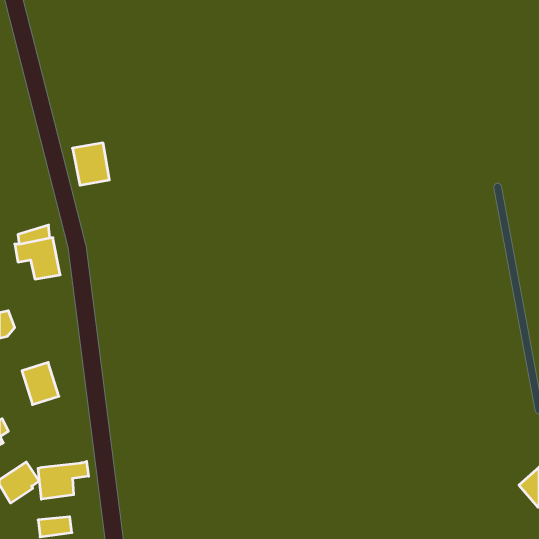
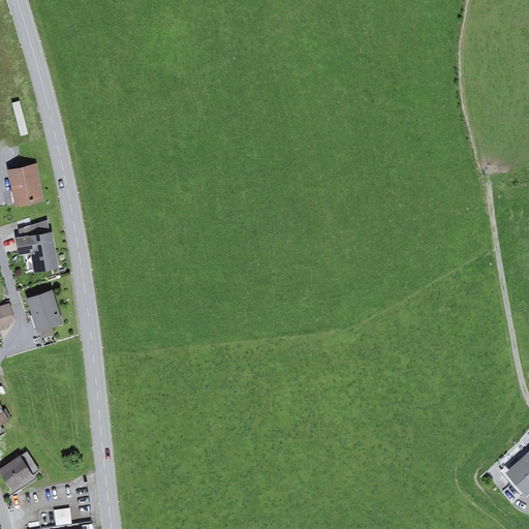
building: [72,143,109,185] -> [6,165,42,207]
building: [22,362,59,405] -> [26,291,62,333]
building: [38,461,89,499] -> none

